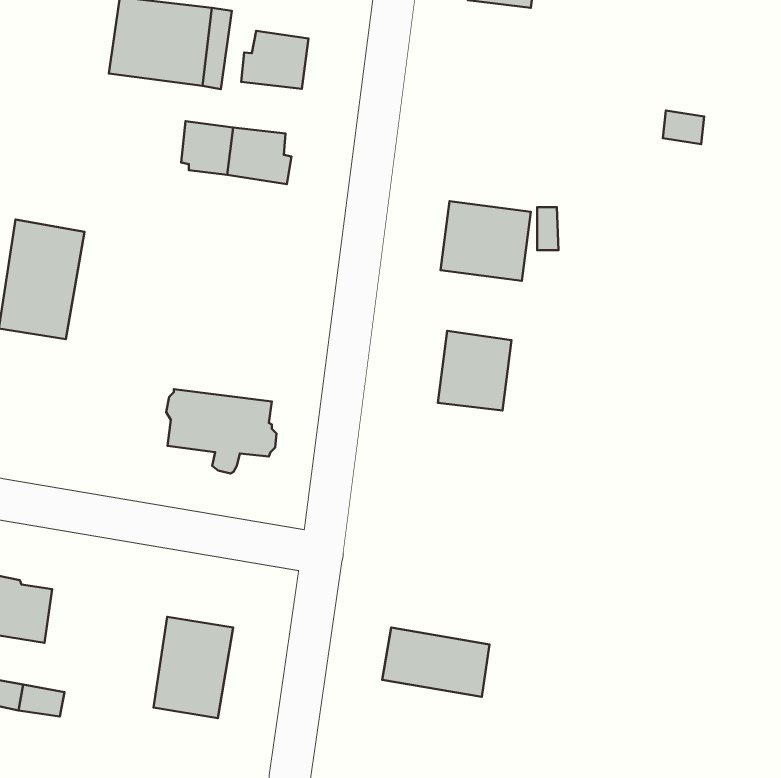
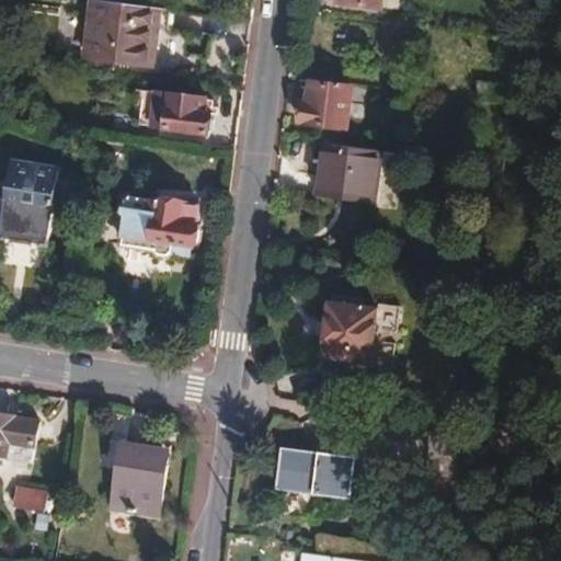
building: [241,31,309,89] -> none
building: none -> [298,80,348,126]
building: [438,331,512,411] -> [322,306,375,363]
building: [166,389,277,473] -> [122,195,201,255]

